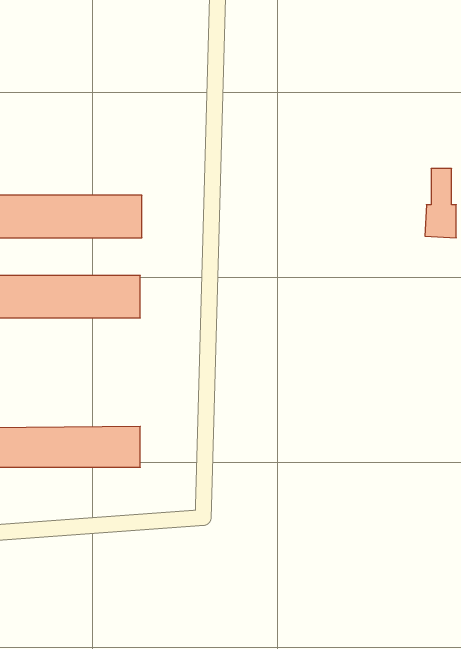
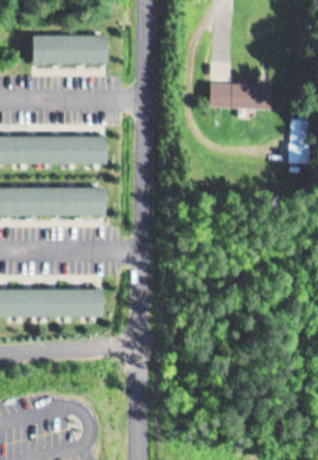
building: none -> [33,36,105,65]
building: none -> [212,81,274,109]

